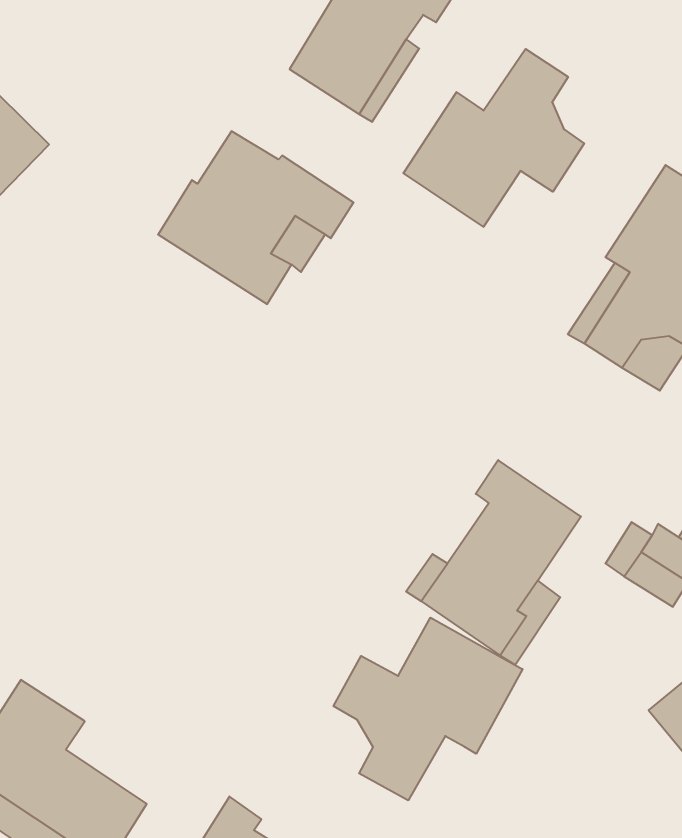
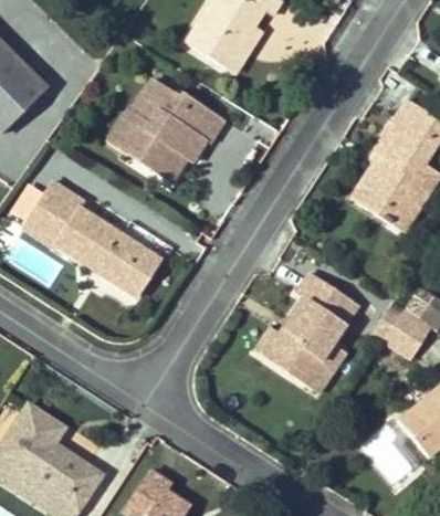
building: [403,49,584,227] -> none
building: none -> [23,181,160,295]
building: [334,618,523,800] -> none

